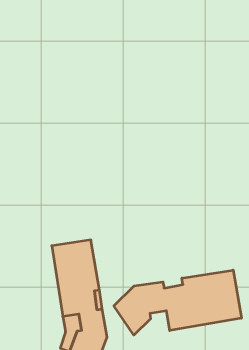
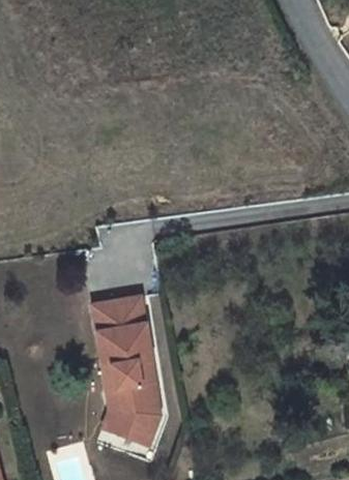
building: [114,270,241,335] -> none

